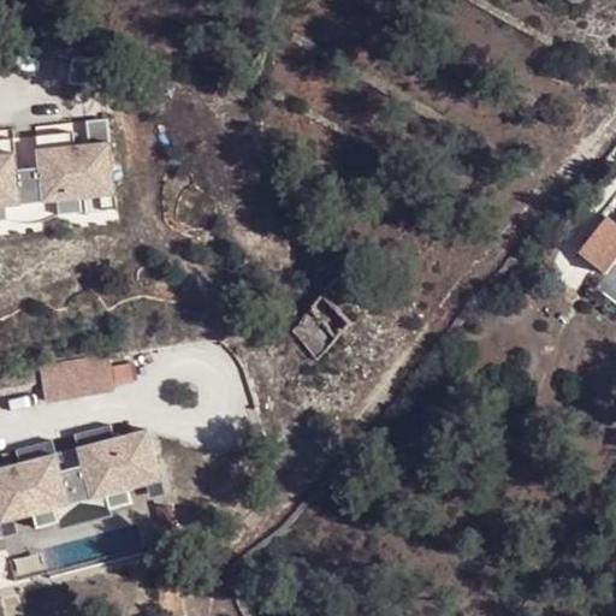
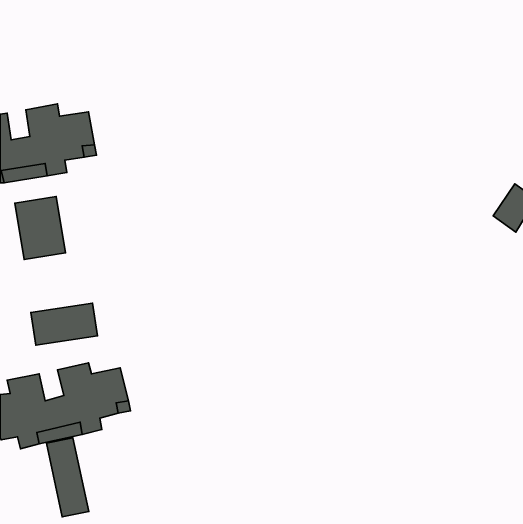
building: none -> [15,196,66,259]
building: none -> [47,438,89,517]

